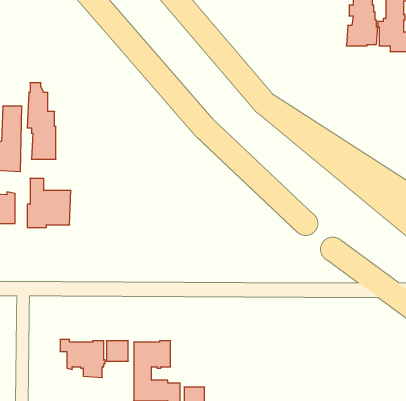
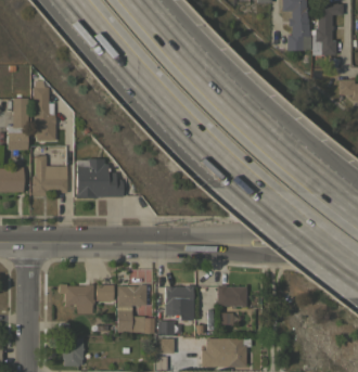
building: none -> [77,158,124,198]
building: none -> [217,285,247,308]
building: none -> [166,286,194,321]

